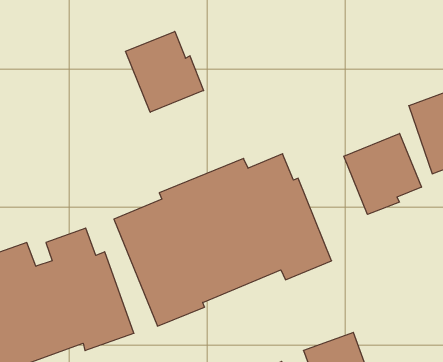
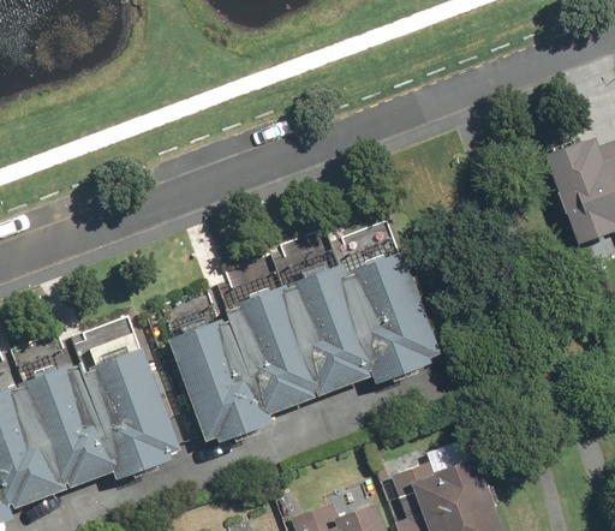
building: [125,31,204,112] -> none
building: [344,133,421,214] -> none

